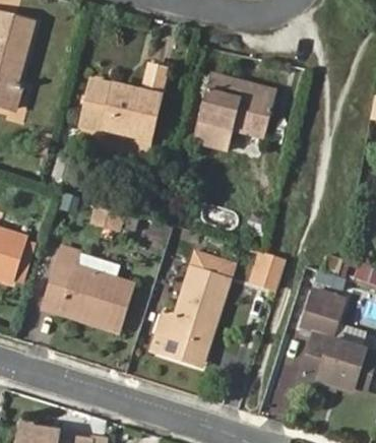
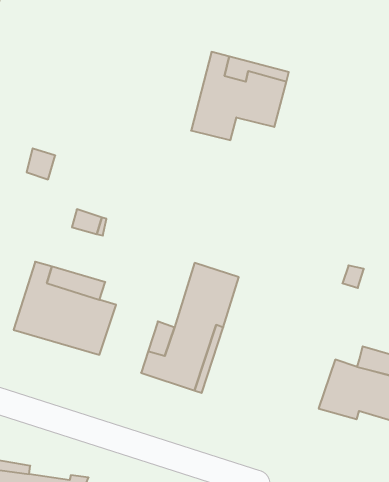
building: [82,67,166,155] -> none
building: [250,251,284,289] -> none
building: [306,294,347,336] -> none

